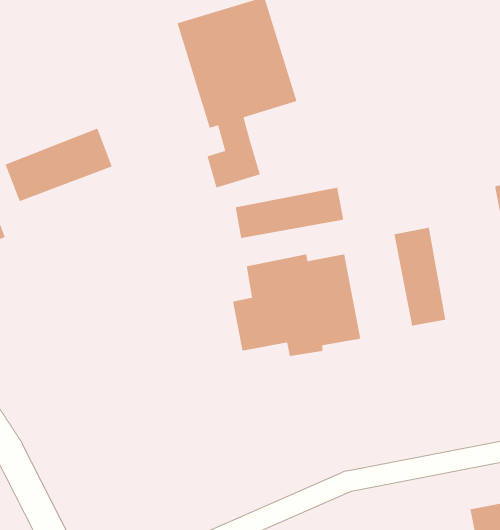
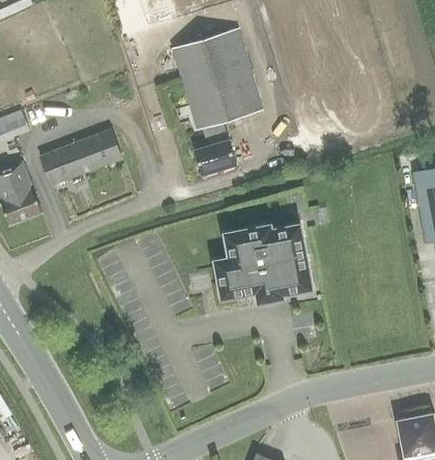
building: [235,187,344,239] -> none
building: [394,227,446,326] -> none

